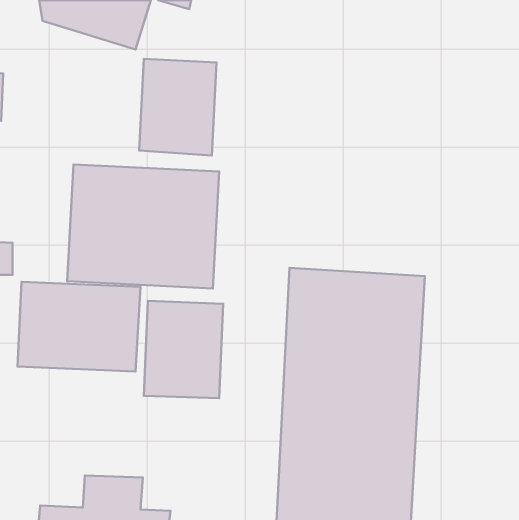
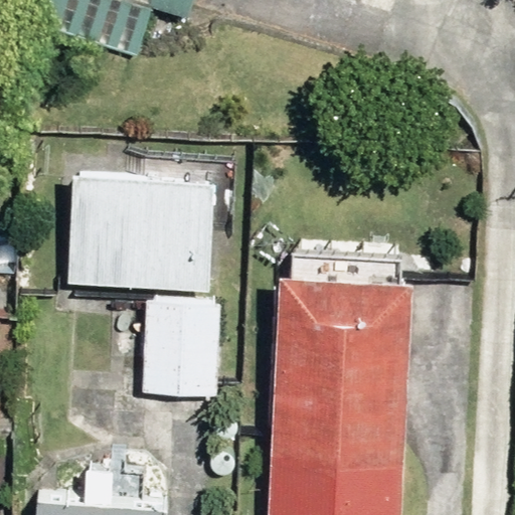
building: [139,59,216,155] -> none
building: [17,282,141,371] -> none

